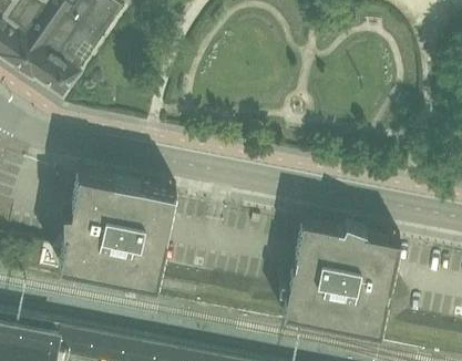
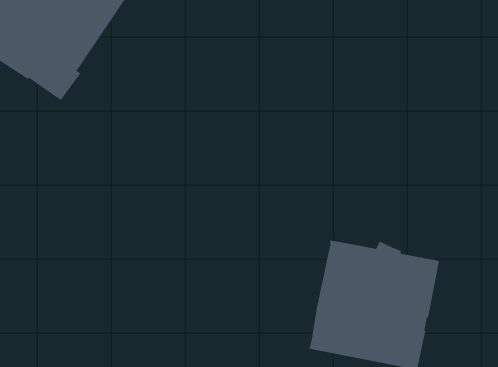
building: [60,167,176,285] -> none

